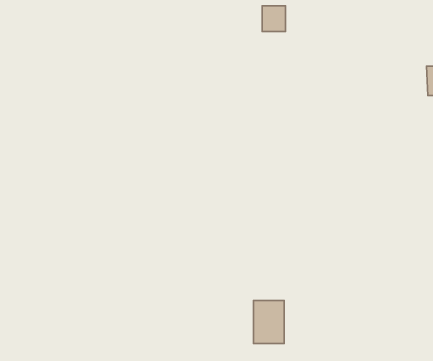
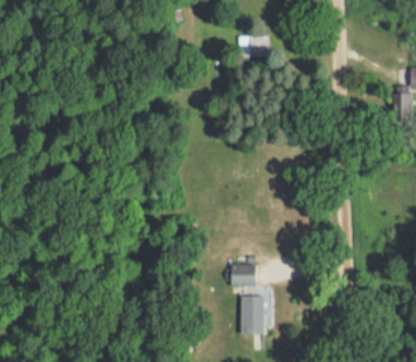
building: none -> [231,265,255,287]

